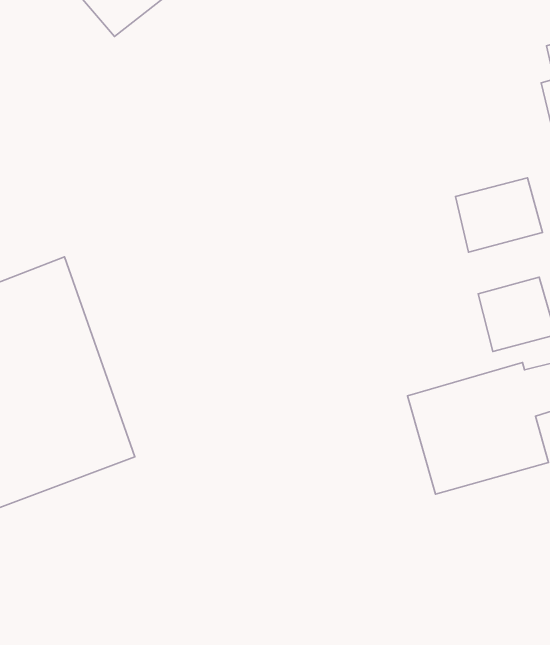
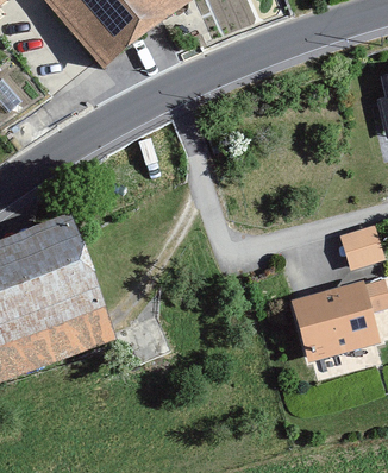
building: [455,178,542,252] -> none

